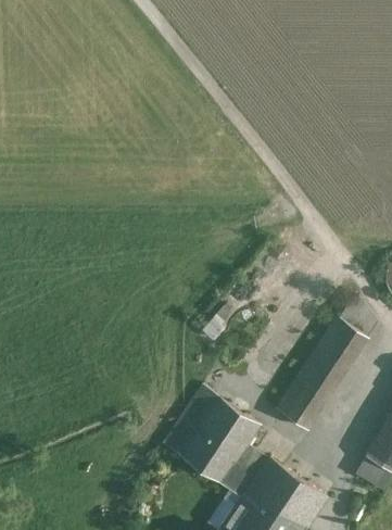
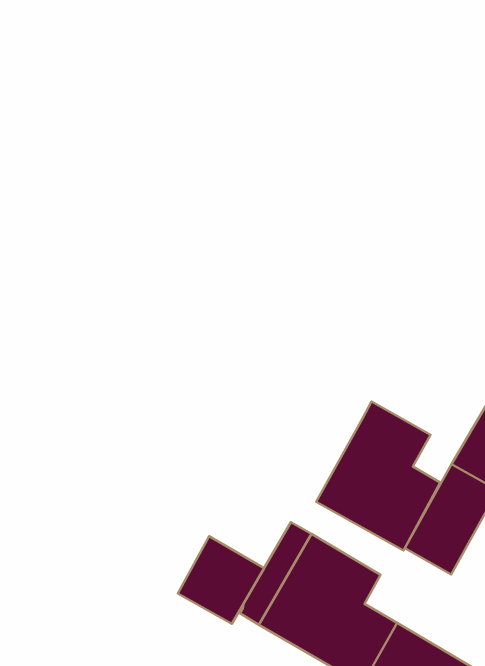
building: none -> [316,401,440,551]
building: none -> [178,536,264,624]

